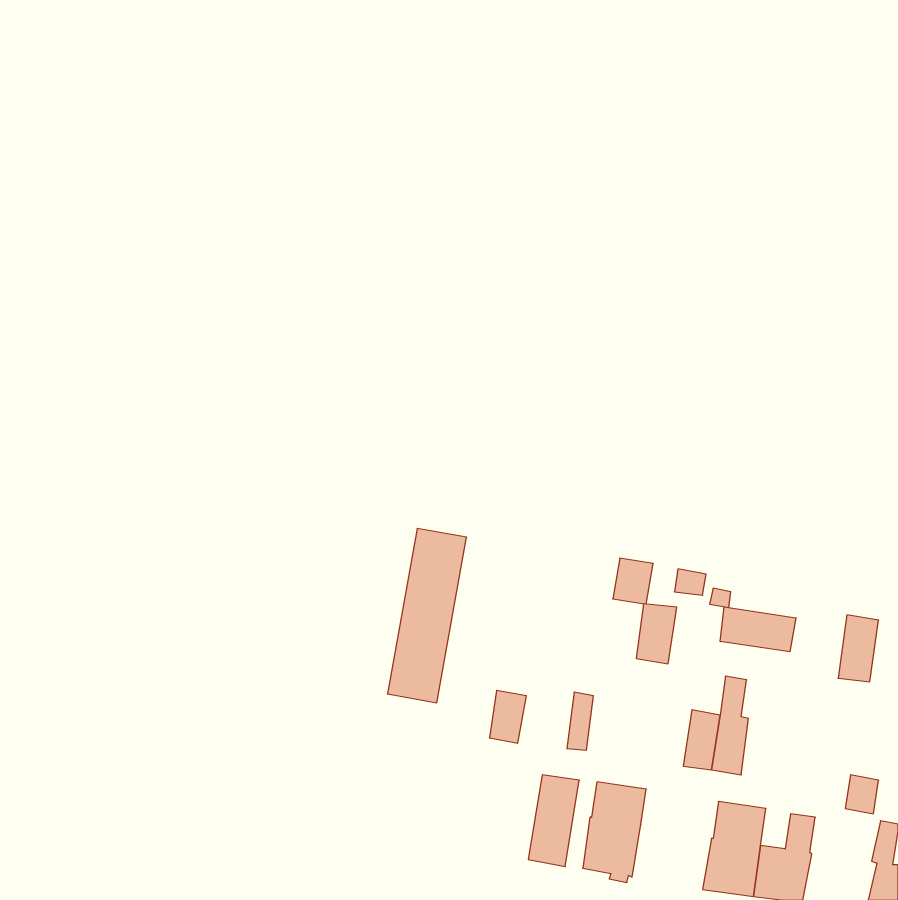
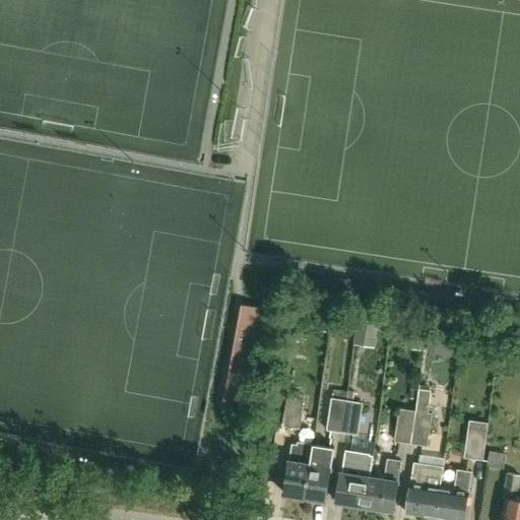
building: [636,604,677,664] -> [338,401,362,436]
building: [720,607,796,652] -> none
building: [838,615,879,682] -> [464,421,488,460]
building: none -> [283,444,313,496]
building: none -> [365,458,401,511]

